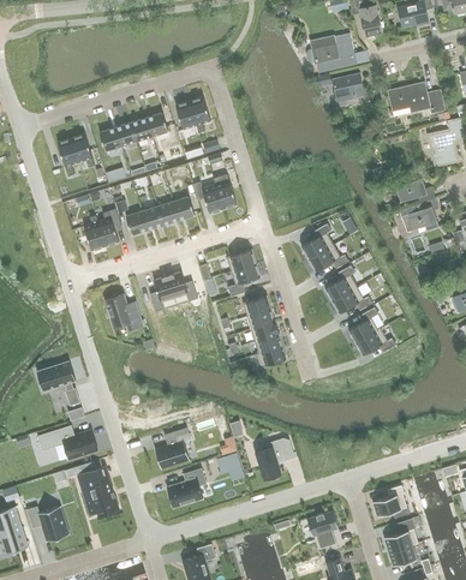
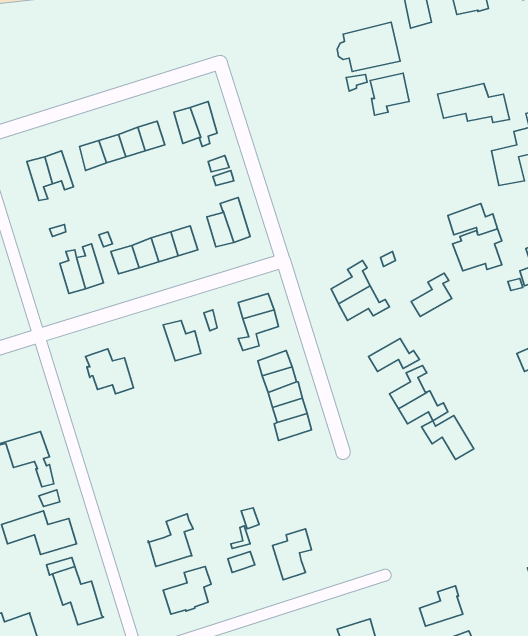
building: [324,265,357,300] -> [411,273,452,317]
building: [149,275,177,311] -> none
building: none -> [421,416,474,459]

